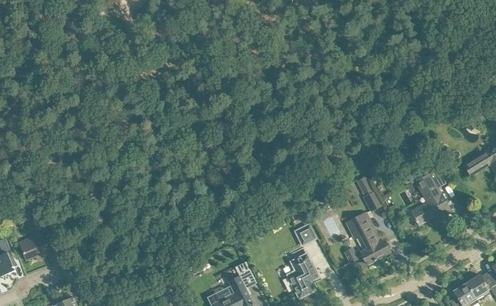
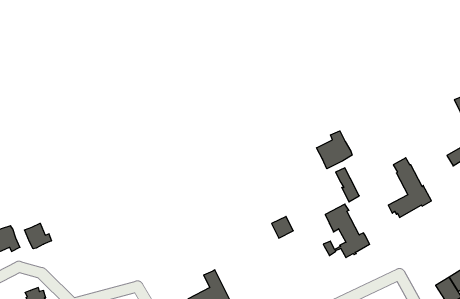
building: none -> [317,131,352,169]
building: none -> [24,223,51,249]
building: [287,254,318,298] -> none

